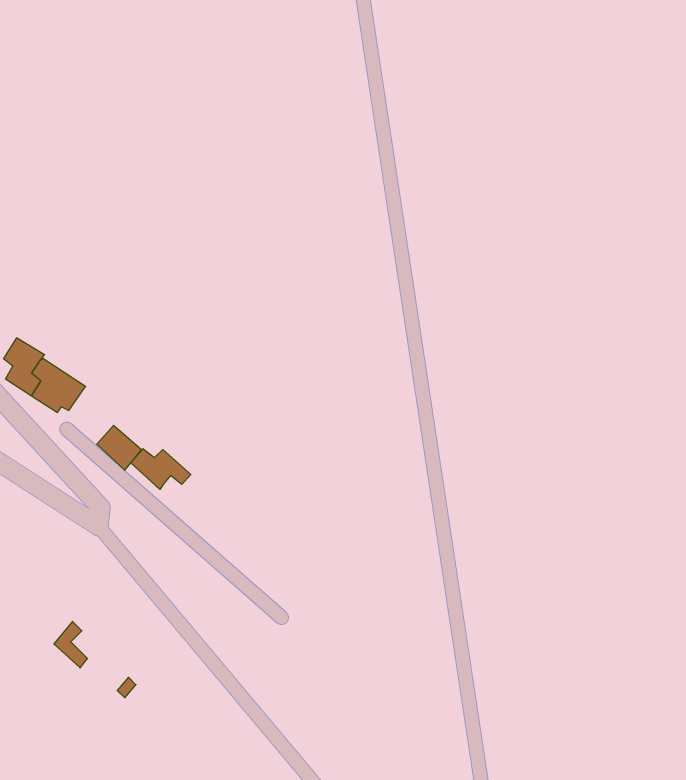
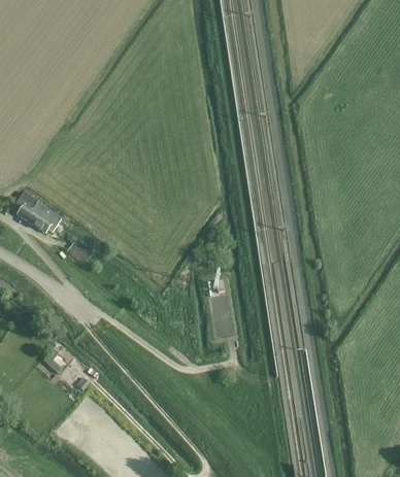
building: [131,449,191,489] -> none

